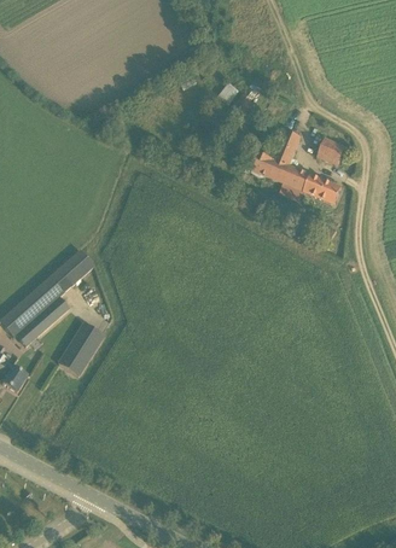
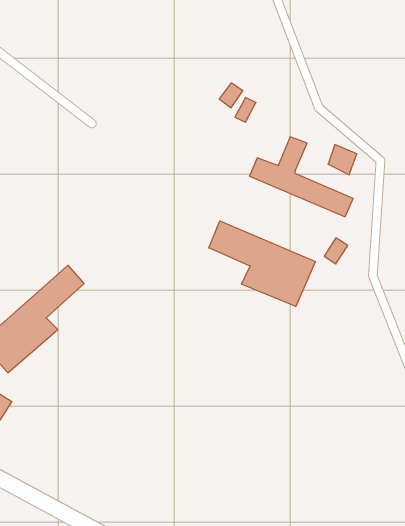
building: none -> [209,221,315,307]
building: [57,322,105,377] -> none

